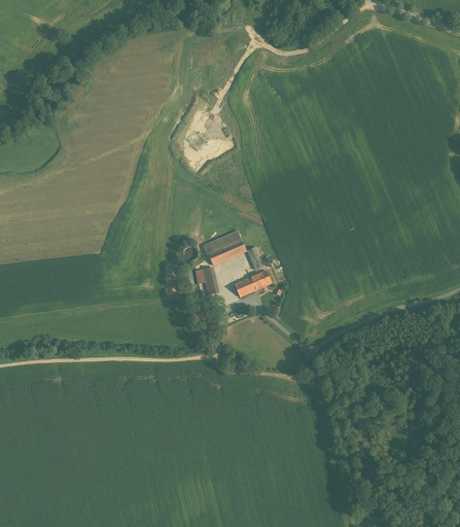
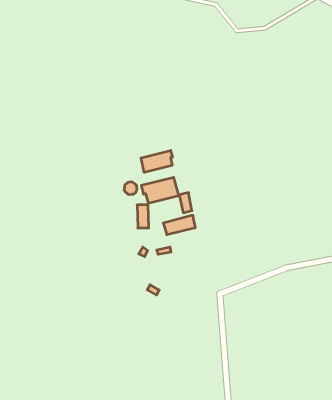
building: none -> [141,150,172,172]

